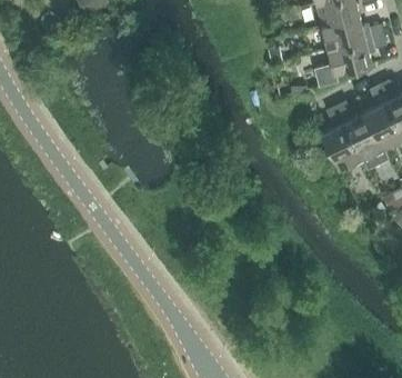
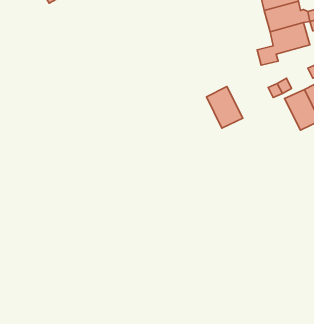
building: [322,123,362,169] -> [206,87,243,128]

